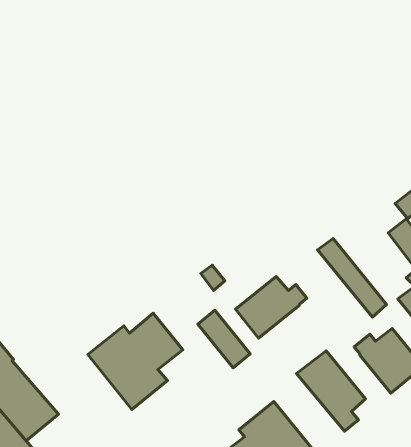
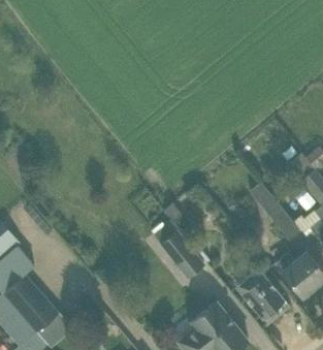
building: [236,277,307,338] -> none
building: [88,313,183,409] -> none

